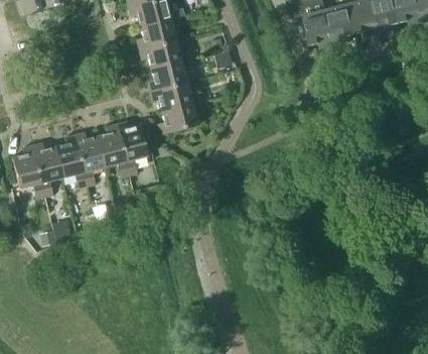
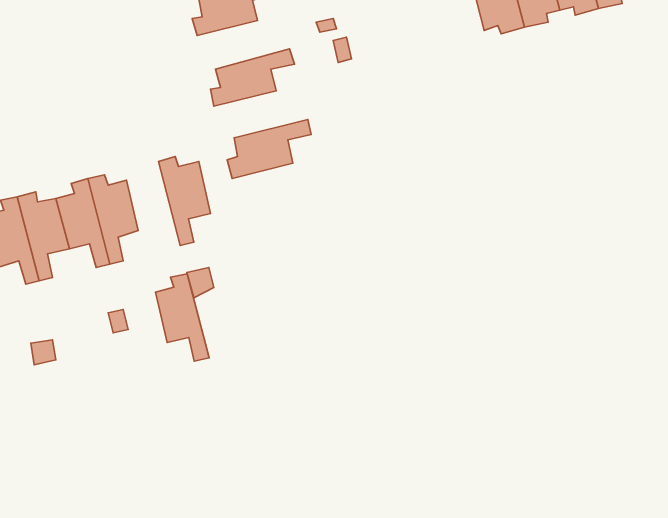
building: [139,39,194,69] -> none
building: [149,82,205,110] -> none
building: [97,124,129,176] -> [155,274,209,361]

